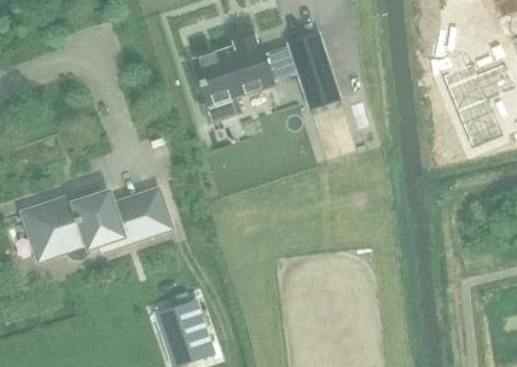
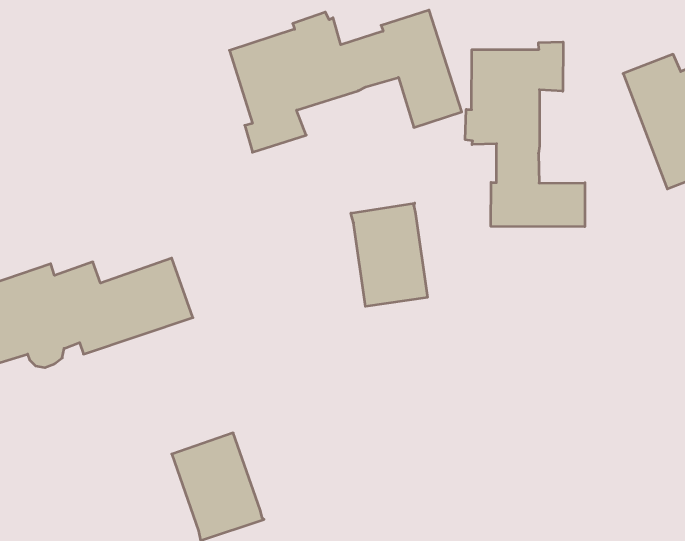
building: none -> [465,42,585,227]
building: none -> [351,203,427,306]

